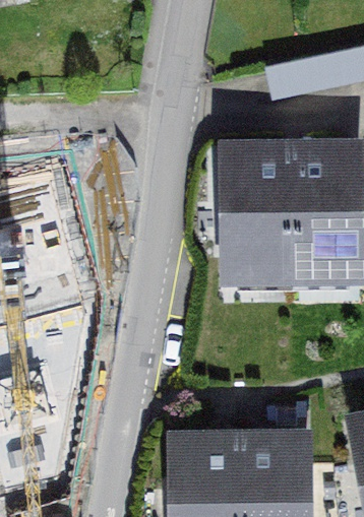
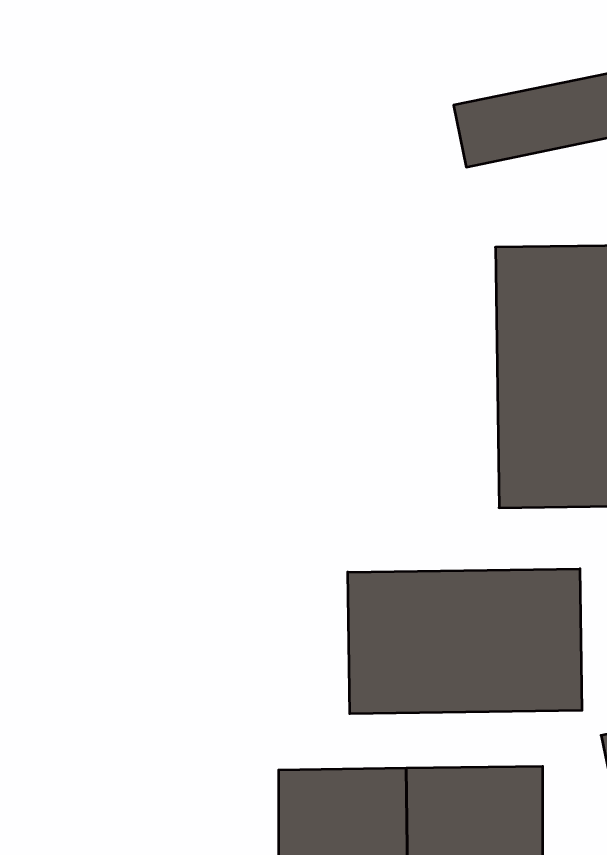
building: [216,143,288,289] -> none
building: none -> [348,569,582,714]

